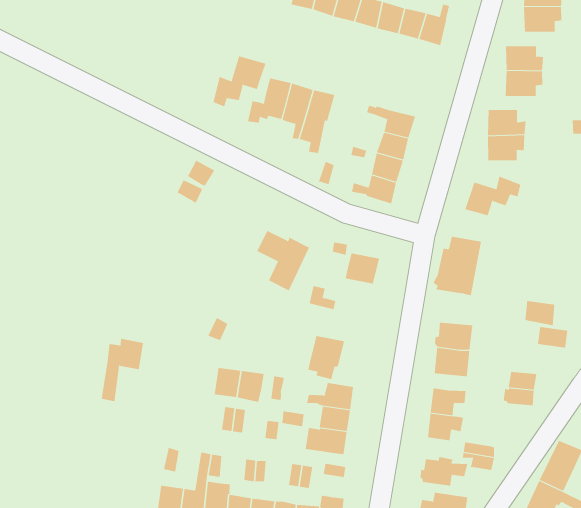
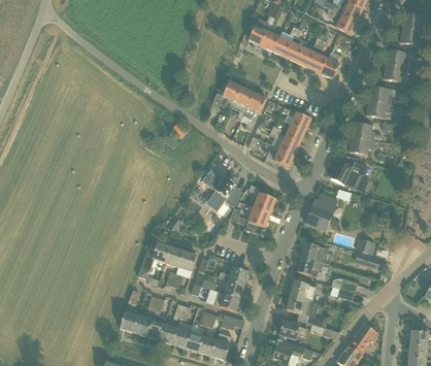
building: [213,55,266,107] -> none
building: [308,335,345,380] -> [245,206,270,234]
building: [101,338,144,402] -> [139,241,170,278]

